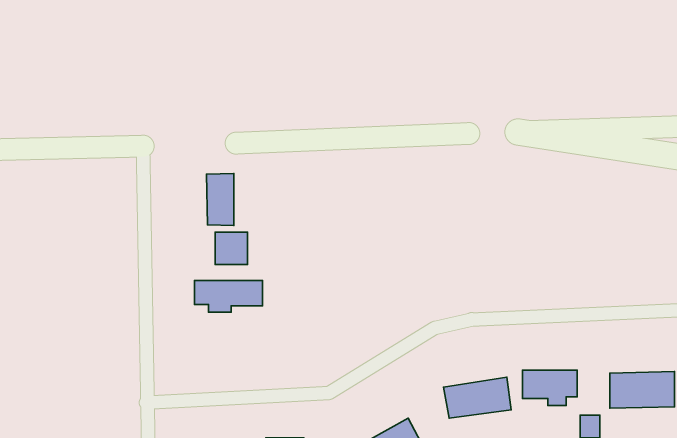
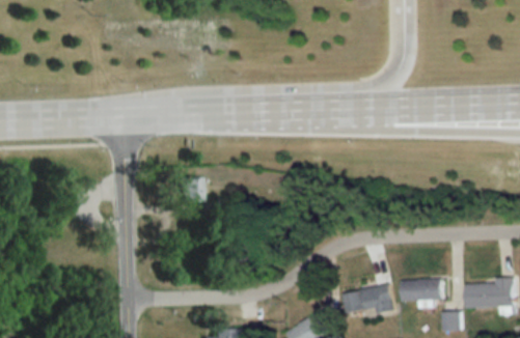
building: [206,173,234,226] -> none
building: [194,281,262,312] -> none

